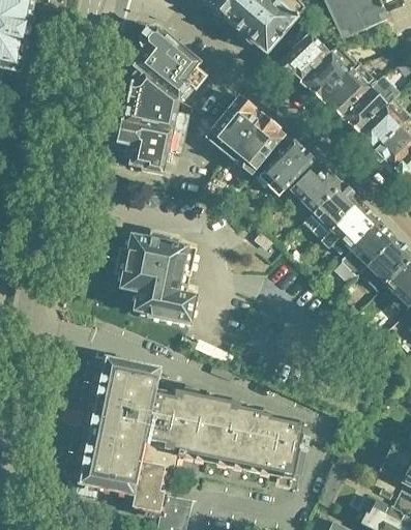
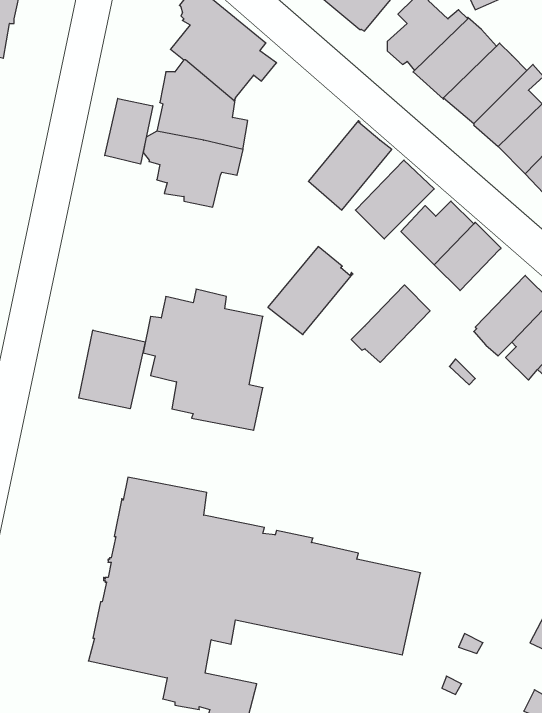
building: [205,95,263,155] -> [268,247,353,335]
building: none -> [105,98,153,164]
building: [323,202,377,255] -> [351,285,430,362]
building: none -> [79,330,145,409]

